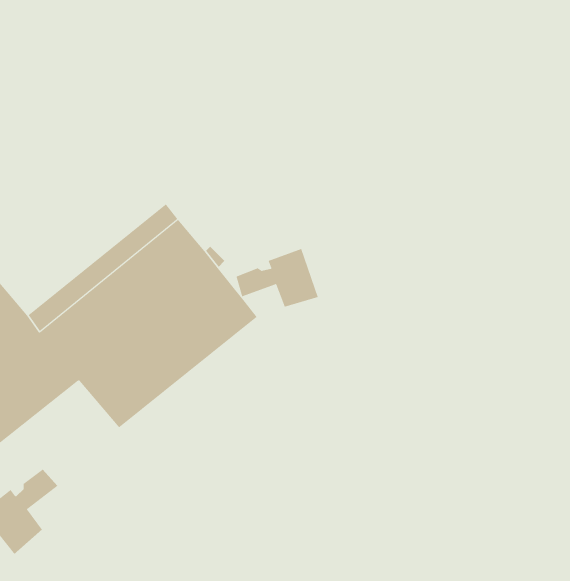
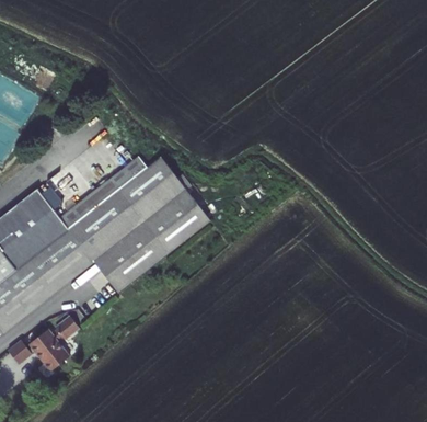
building: [236,248,319,308] -> none

